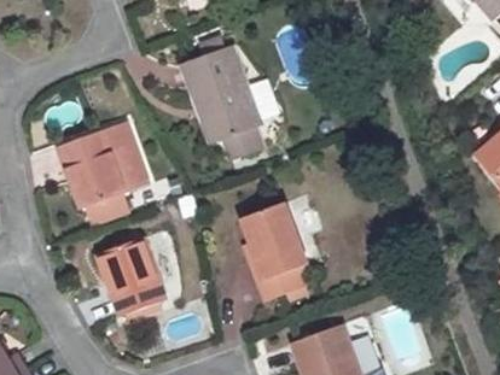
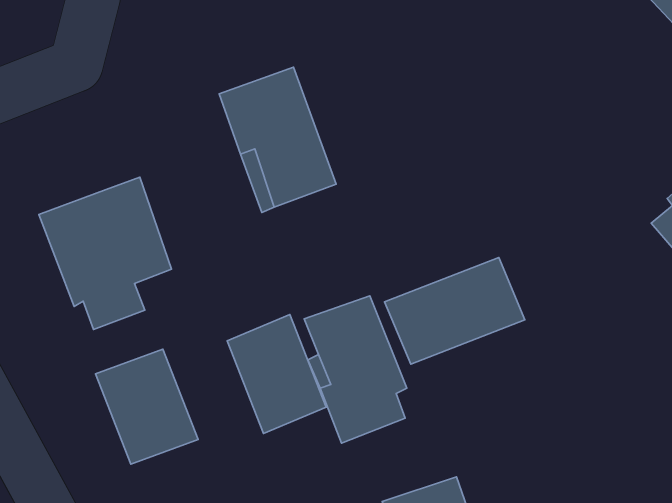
building: none -> [385,257,525,364]
building: none -> [227,315,326,433]

